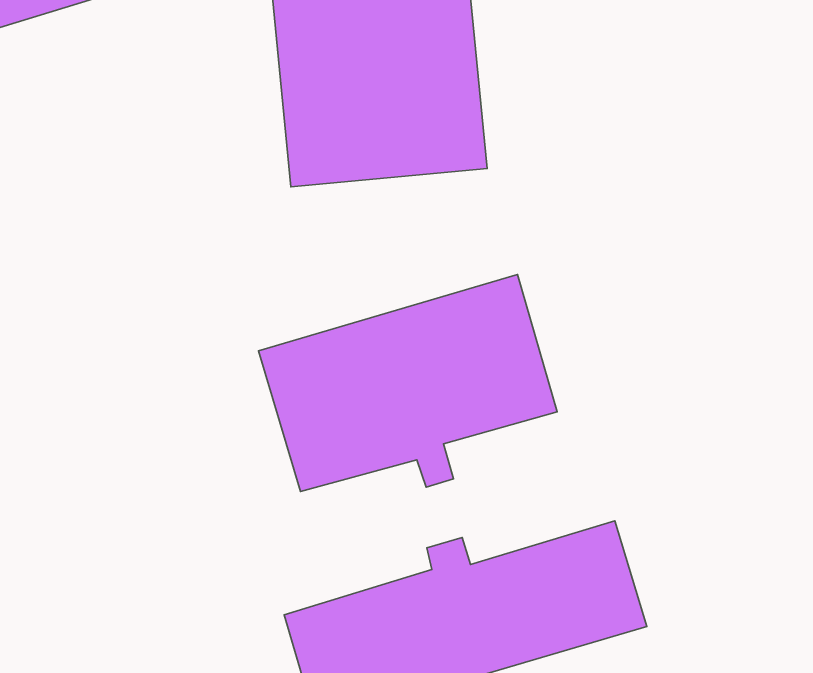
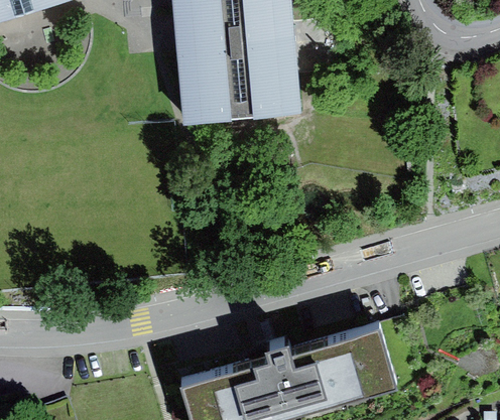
building: [259,275,557,492] -> none

